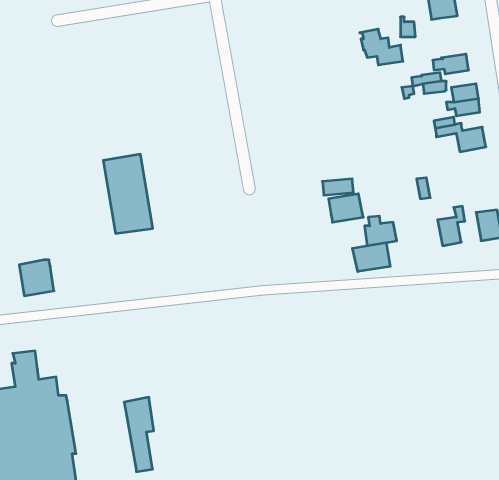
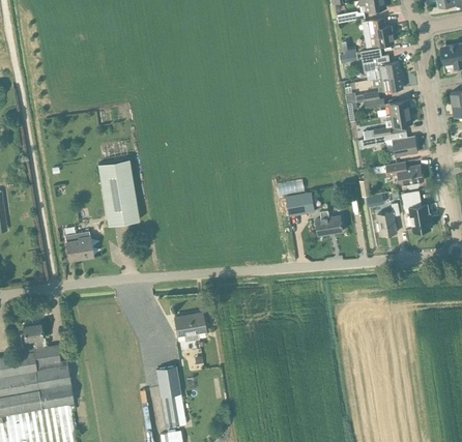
building: [360,29,403,65] -> [365,48,401,78]
building: none -> [386,160,423,188]
building: [352,243,390,272] -> none
building: [19,260,54,296] -> [64,231,93,261]
building: none -> [174,313,205,342]
building: [124,397,154,472] -> [155,364,180,426]

